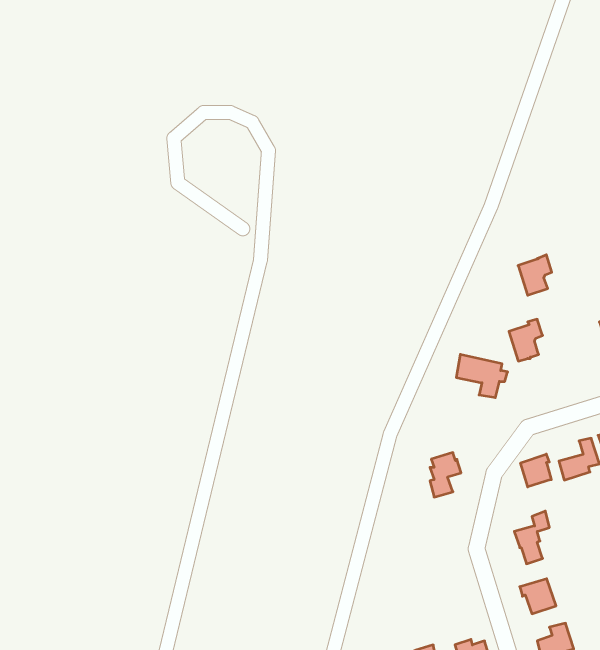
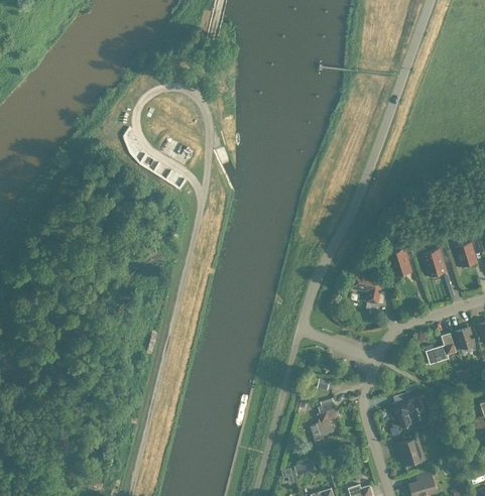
building: [518,255,552,295] -> [423,246,449,276]
building: [430,453,461,497] -> [317,402,340,436]
building: [521,454,551,487] -> none

